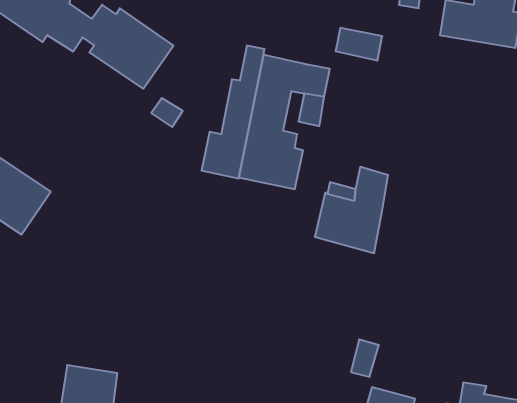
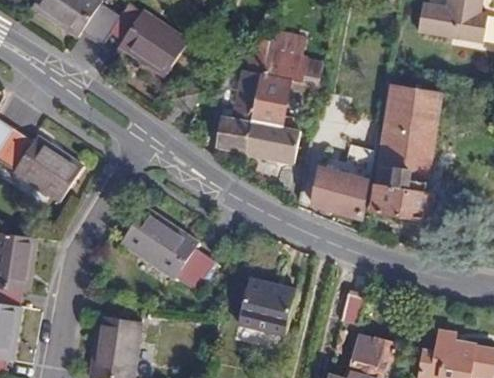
building: [336,28,382,61] -> [266,29,306,57]
building: none -> [371,86,441,220]
building: none -> [120,207,216,292]
building: none -> [237,278,296,336]

